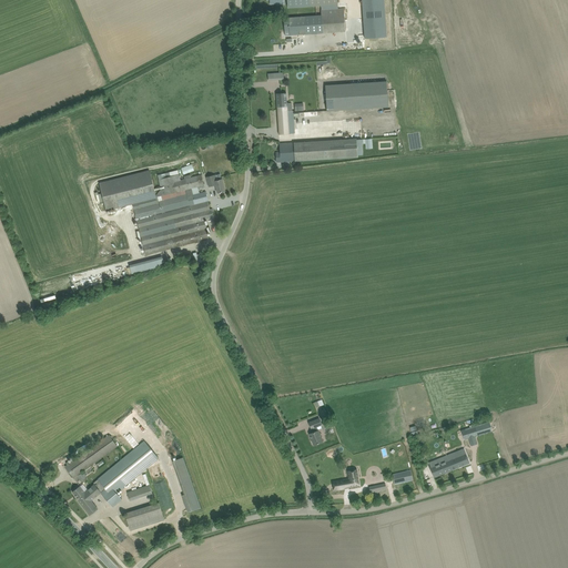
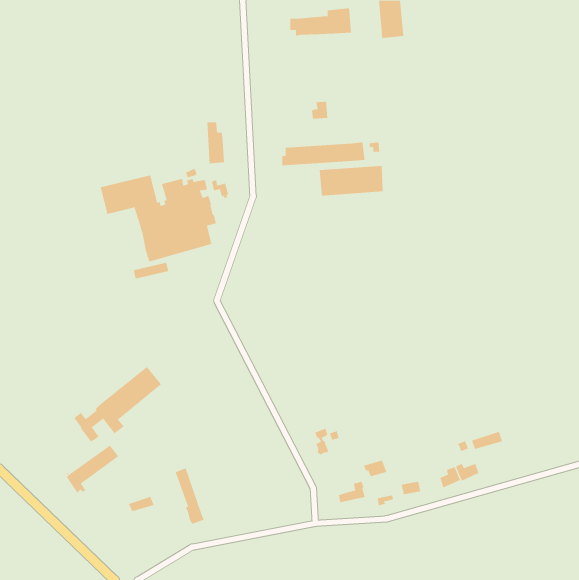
building: [324,81,387,111] -> [319,165,384,196]
building: [275,93,293,134] -> [207,122,225,164]
building: [71,440,158,515] -> [73,366,162,442]
building: [124,503,163,530] -> none

